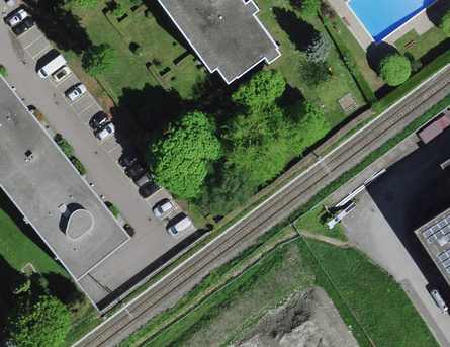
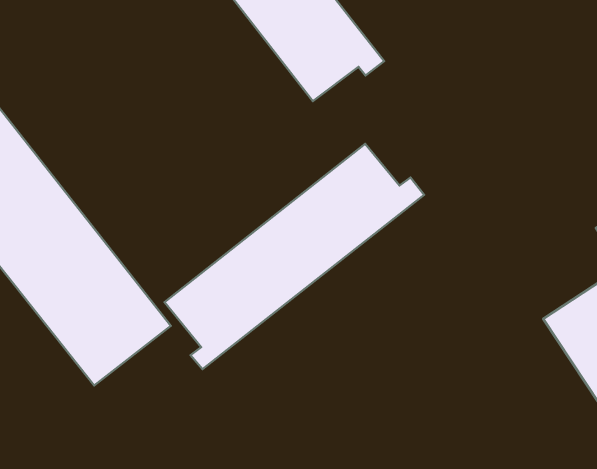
building: none -> [165,144,424,369]

